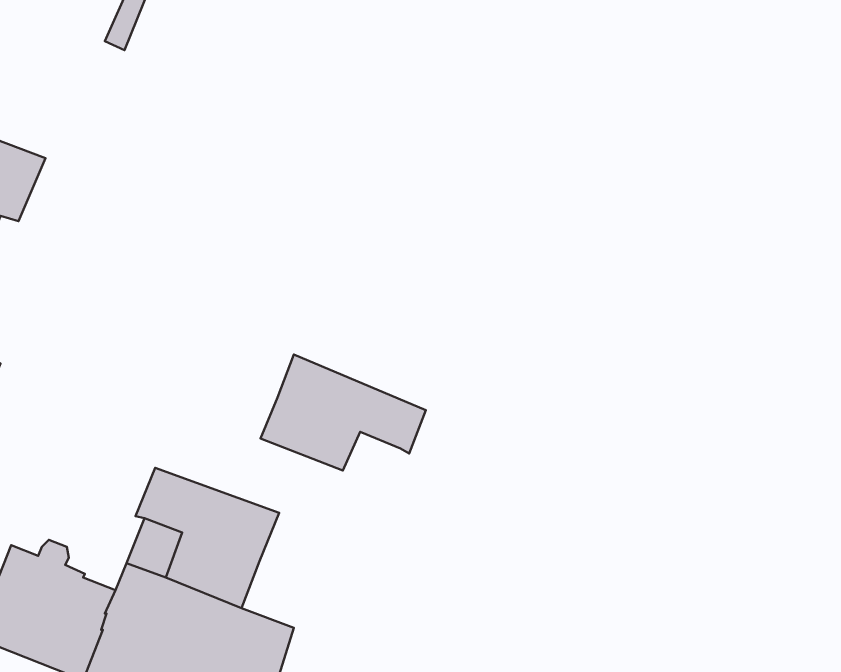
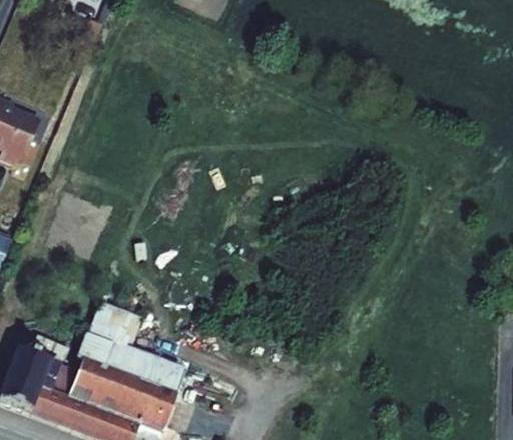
building: [261,354,426,471] -> none
building: none -> [144,356,192,398]

